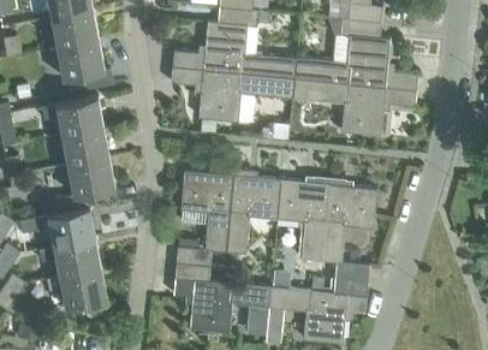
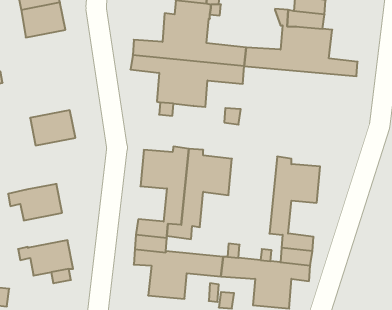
building: [55,38,113,90] -> none
building: [292,78,416,135] -> none
building: [42,95,103,135] -> none
building: [54,156,115,213] -> none
building: [276,176,329,261] -> none
building: [38,238,101,277] -> none

